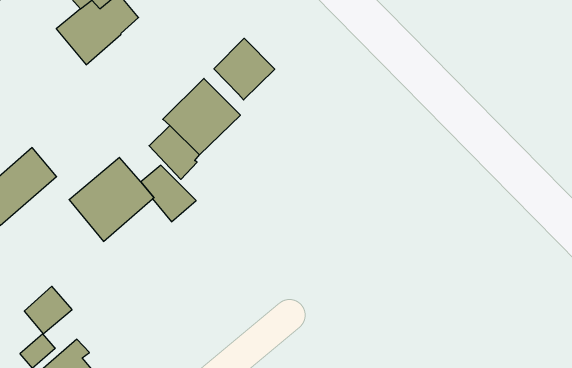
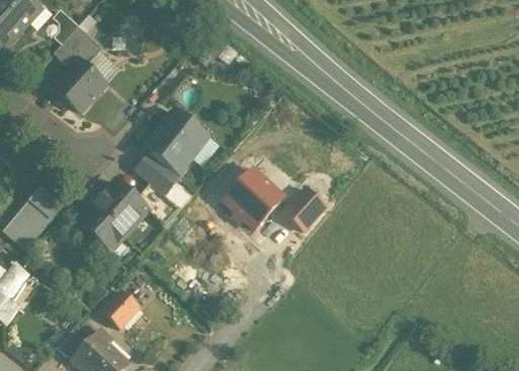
building: [214,38,275,100] -> none
building: none -> [224,168,284,228]
building: none -> [283,187,326,230]
building: [24,286,72,334] -> [102,289,140,327]

